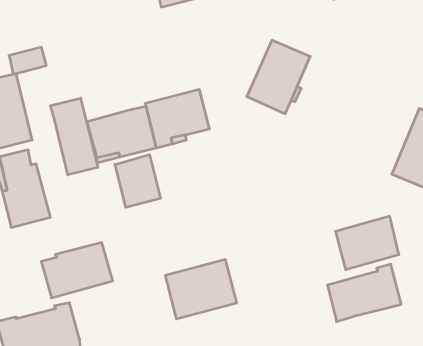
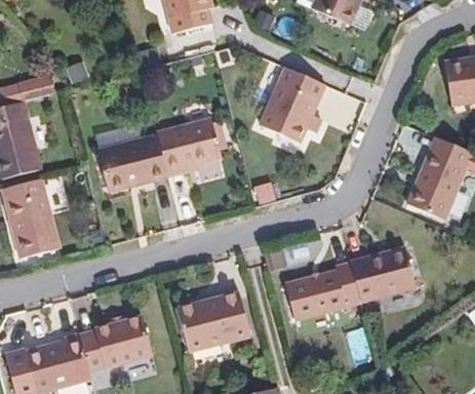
building: [51,98,98,175] -> none
building: [115,155,160,207] -> none
building: [41,243,113,298] -> [79,315,152,371]
building: [327,264,401,322] -> [285,262,360,320]

